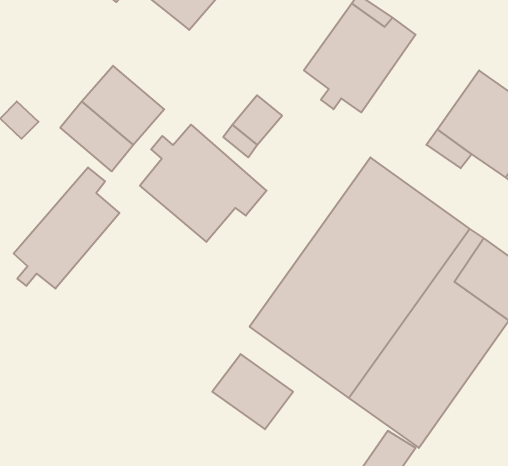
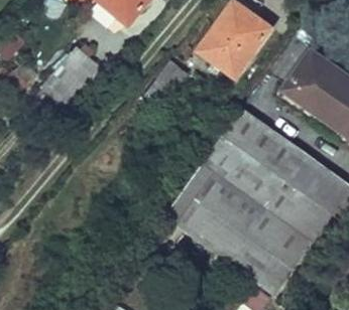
building: [140,125,267,242] -> none
building: [14,167,119,289] -> none
building: [212,354,293,429] -> none

